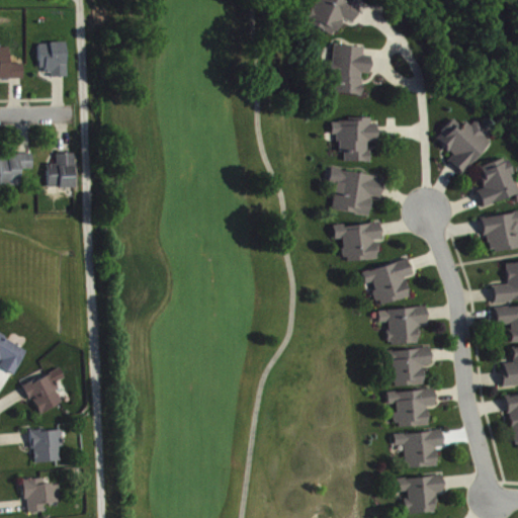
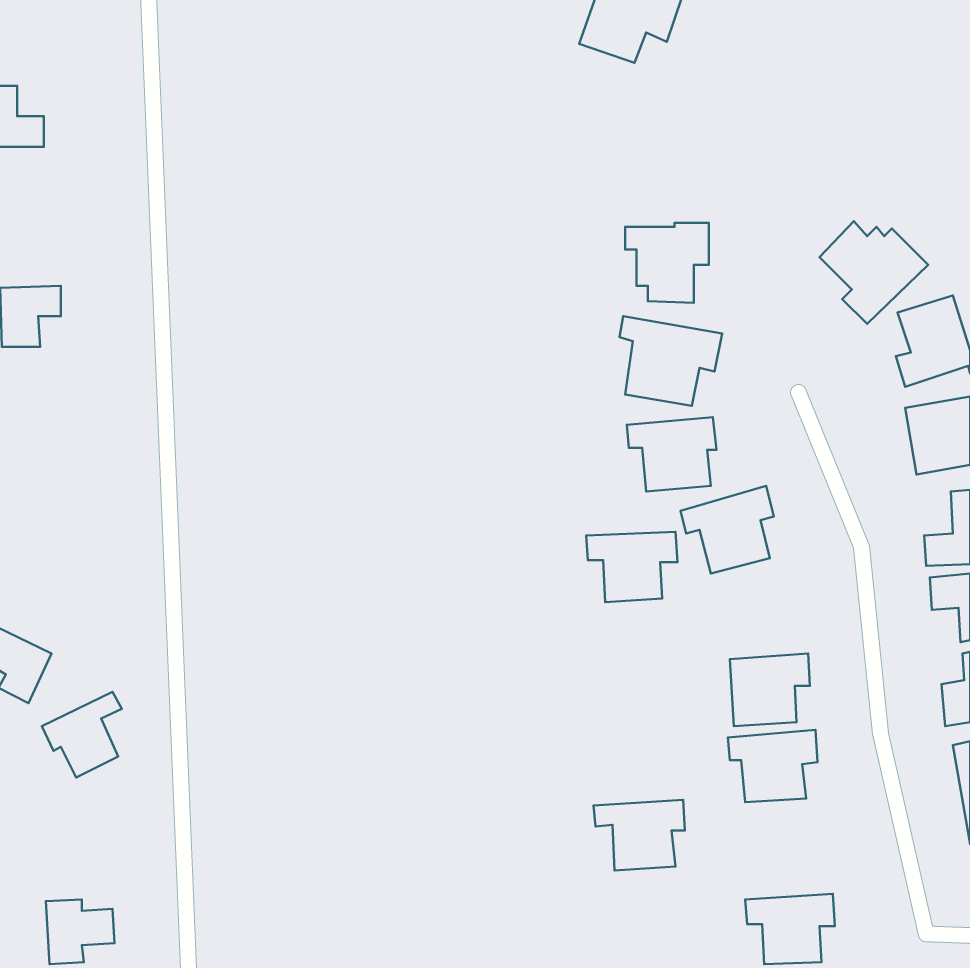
building: [38,41,67,76] -> none
building: [329,44,371,94] -> none
building: [48,152,75,187] -> none
building: [377,307,426,344] -> [586,532,677,602]
building: [31,428,62,461] -> none
building: [394,430,442,467] -> [594,800,685,870]

